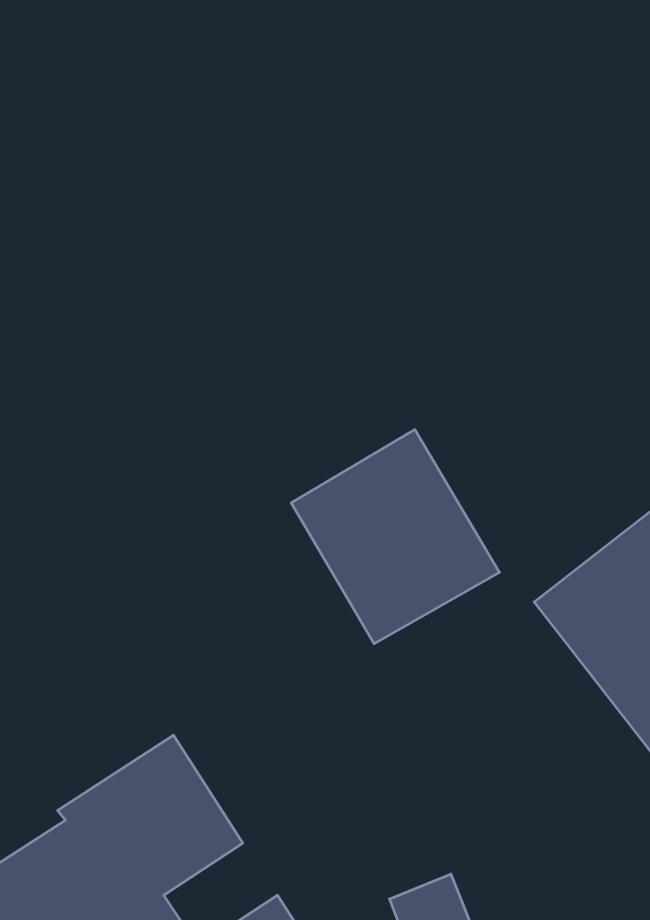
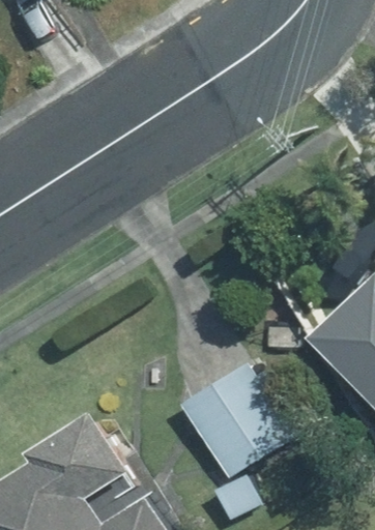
building: [291,430,500,644] -> [186,360,298,475]

